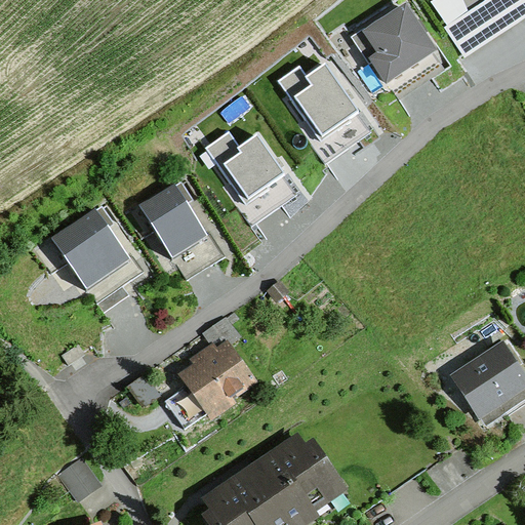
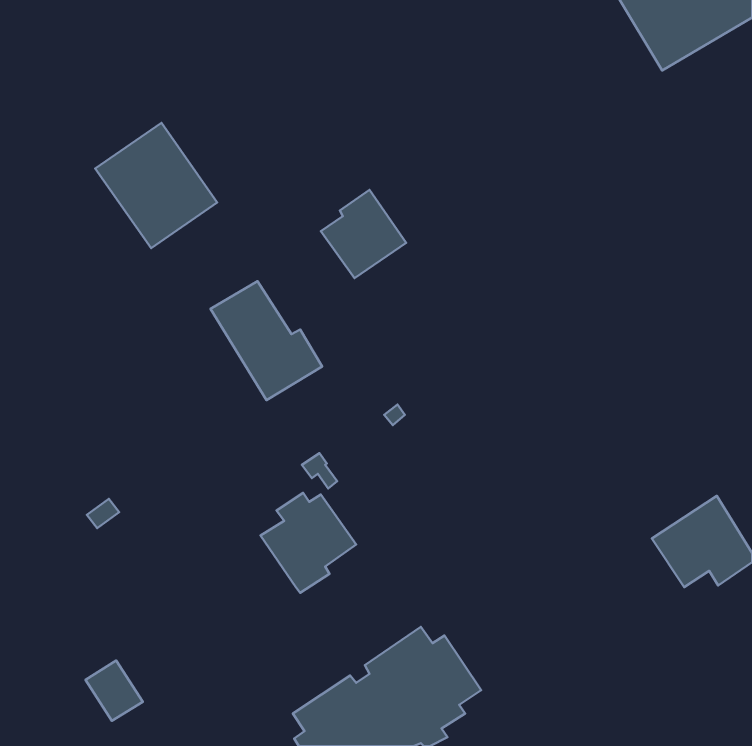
building: [358,5,434,80] -> none
building: [296,62,357,131] -> none
building: [48,205,133,292] -> [95,123,217,248]

